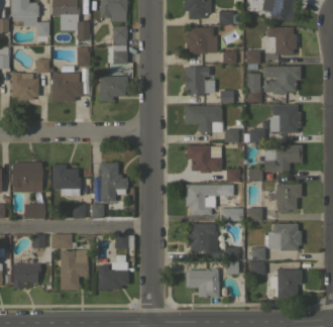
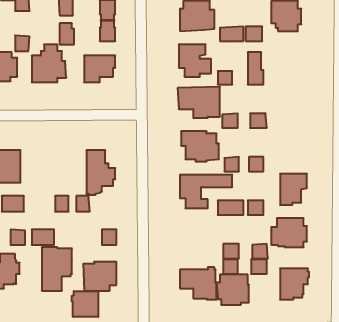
building: [262,67,300,94] -> none
building: [269,105,301,132] -> none
building: [263,144,302,172] -> none
building: [51,164,81,196] -> none
building: [187,224,216,251] -> [217,275,249,305]
building: none -> [72,291,98,317]

